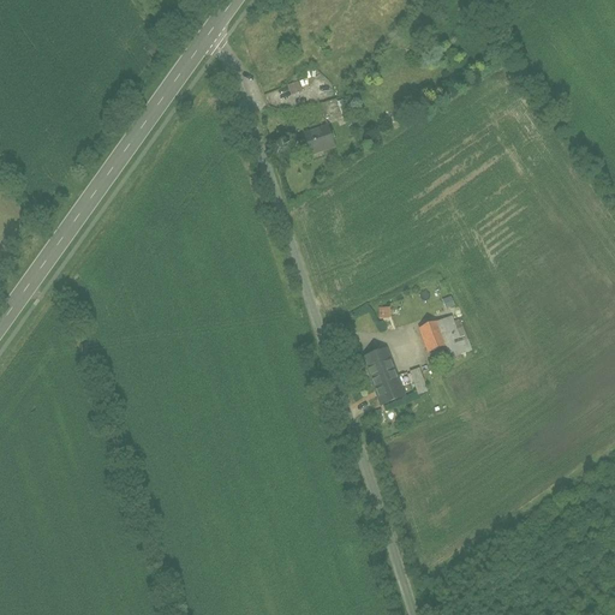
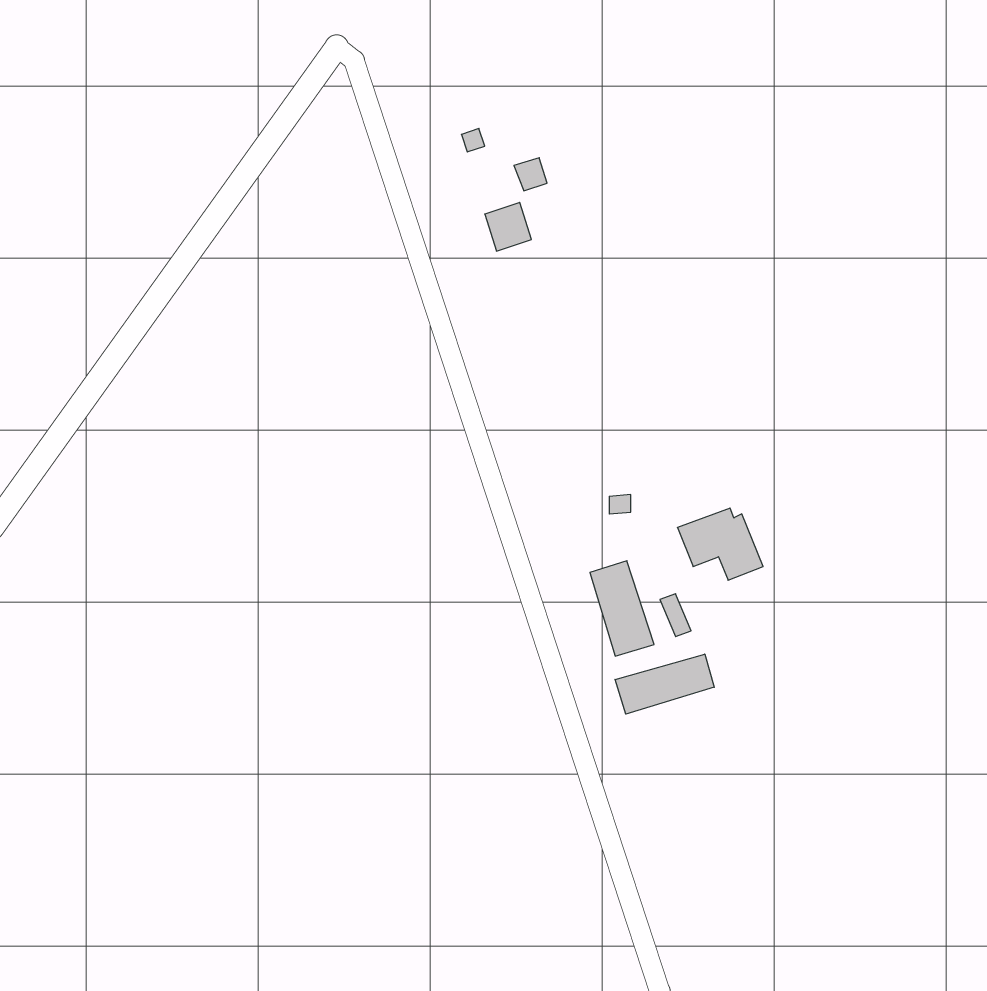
building: none -> [615,654,714,714]

